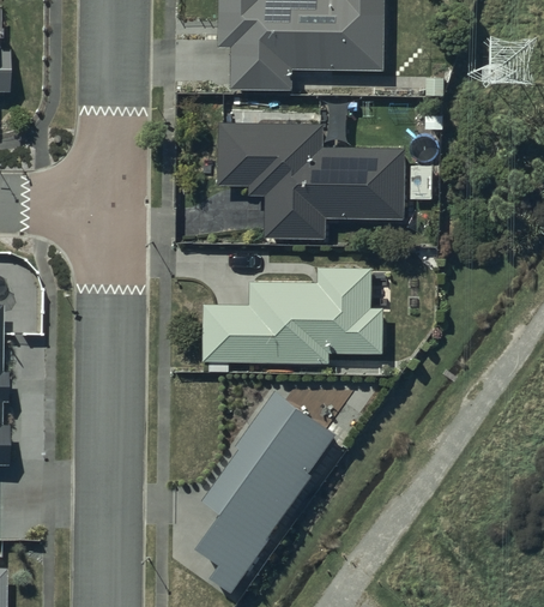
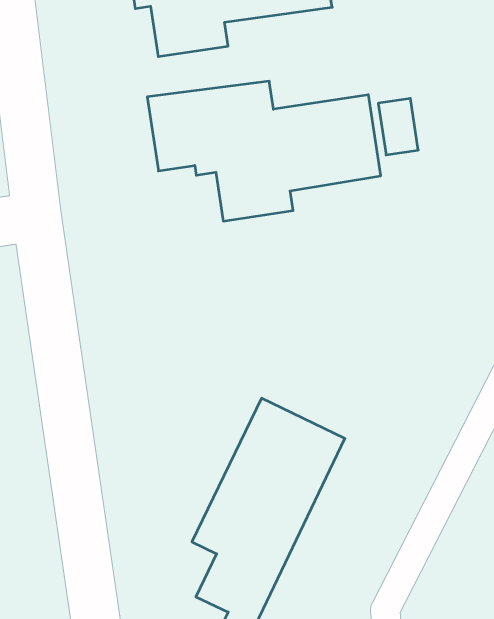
building: [204,269,382,362] -> none

